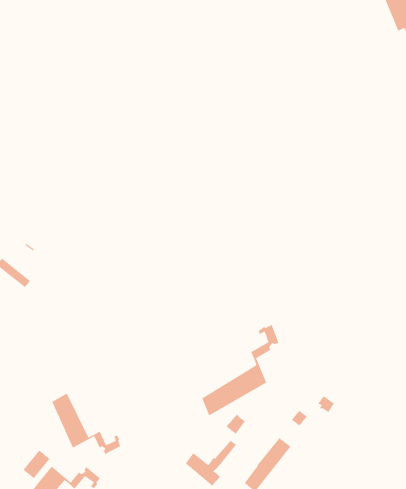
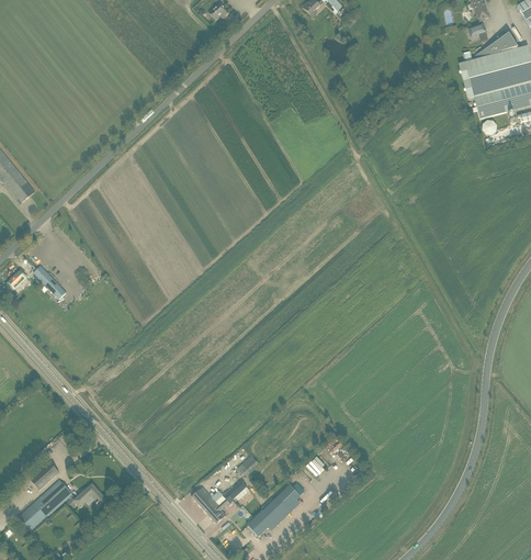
building: [201,324,280,416] -> none
building: [51,392,121,455] -> none

